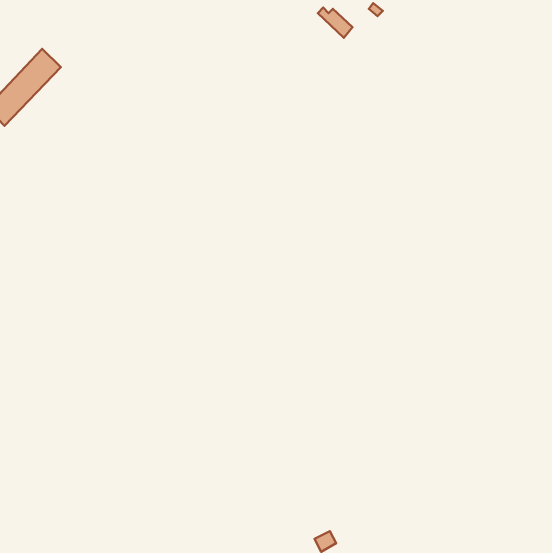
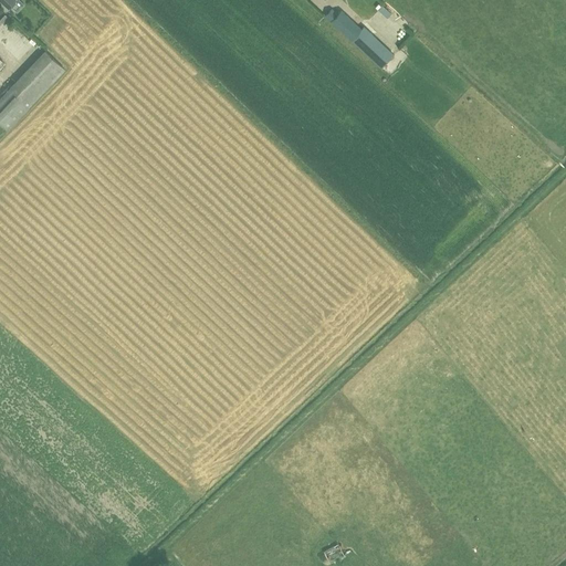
building: none -> [350,25,392,67]

